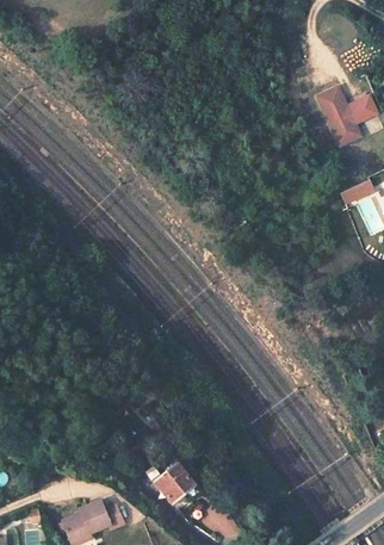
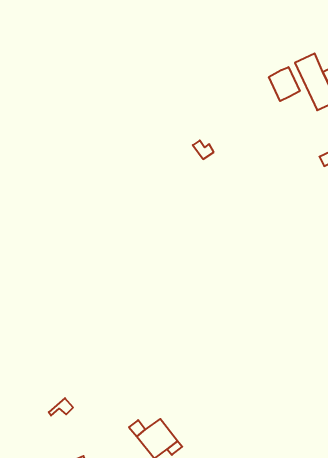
building: none -> [269,67,300,101]

